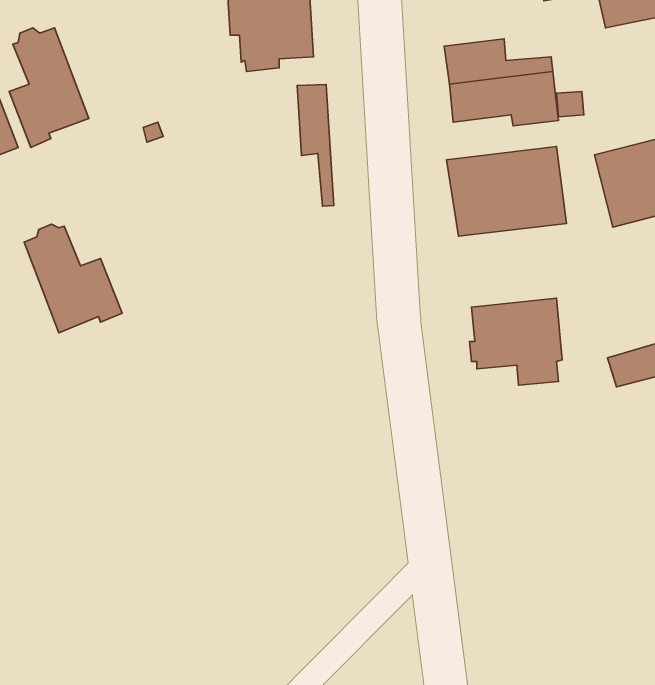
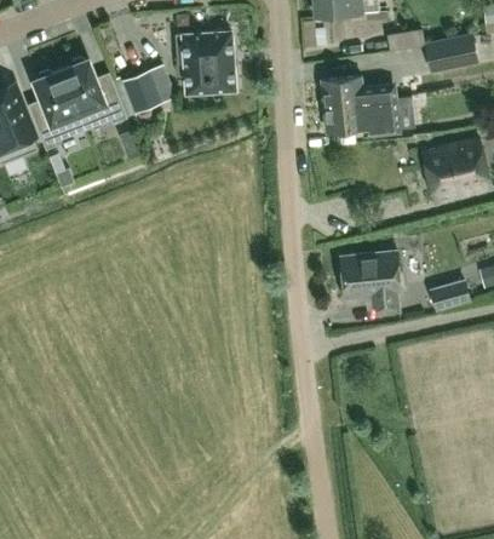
building: none -> [122,69,162,113]
building: [297,85,334,206] -> none
building: [446,147,566,236] -> none
building: [24,224,122,333] -> [62,56,127,128]

